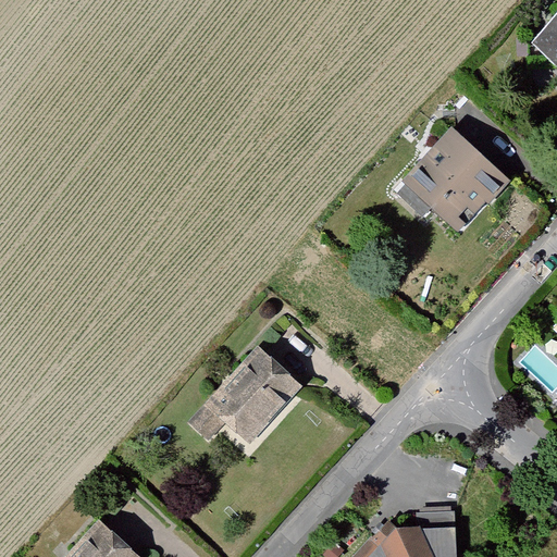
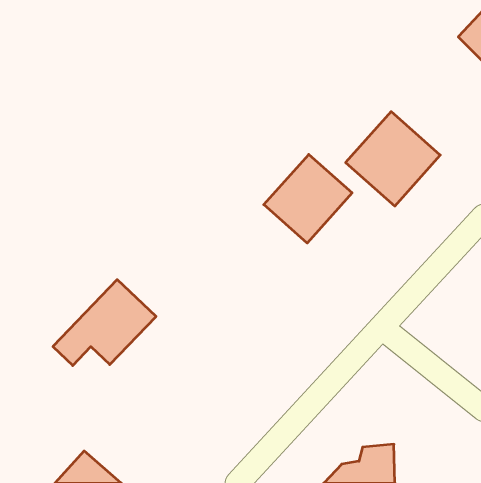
building: none -> [264,154,352,243]
building: [183,349,301,448] -> [53,280,156,366]

